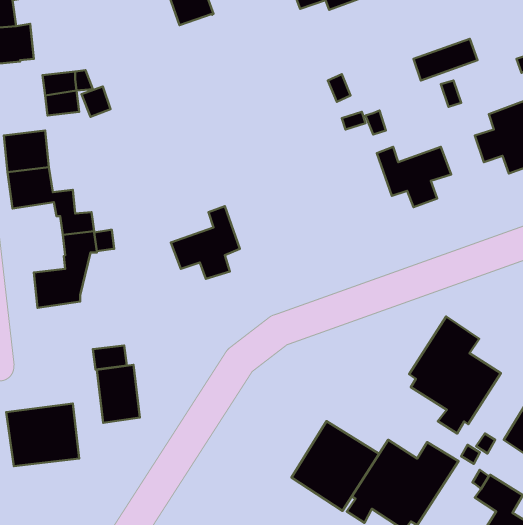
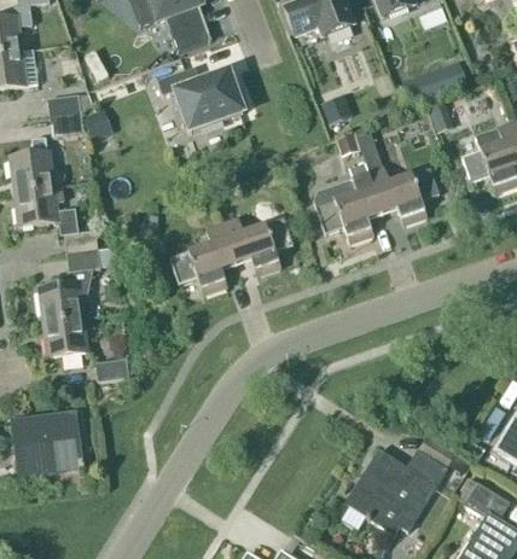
building: none -> [157,66,248,132]
building: none -> [316,161,383,243]
building: none -> [222,217,294,275]
building: none -> [42,315,88,356]
building: [409,316,501,433] -> none
building: [97,365,140,423] -> none
building: [292,421,379,511] -> none

